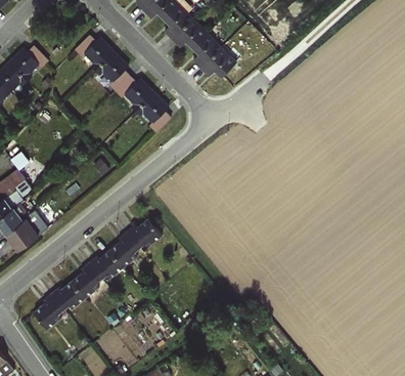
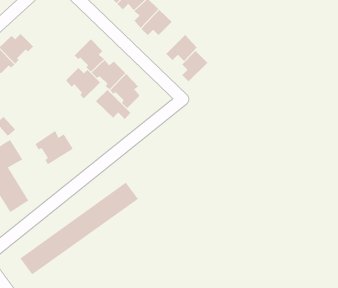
building: [189,33,220,70] -> [181,50,208,82]
building: [71,35,111,72] -> [65,67,101,99]
building: none -> [95,89,131,120]
building: none -> [35,130,74,165]

